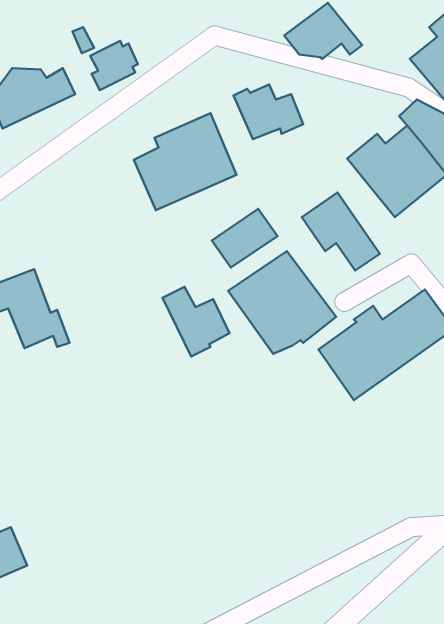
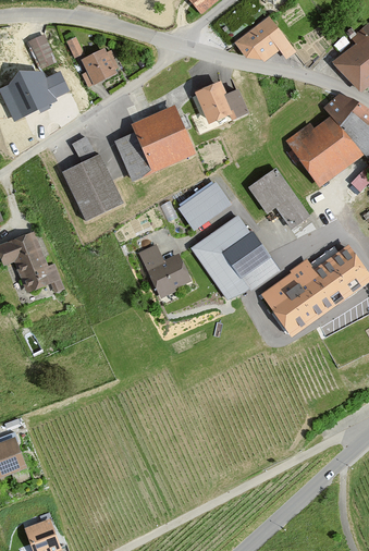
building: none -> [25,33,54,69]
building: none -> [60,135,122,220]

